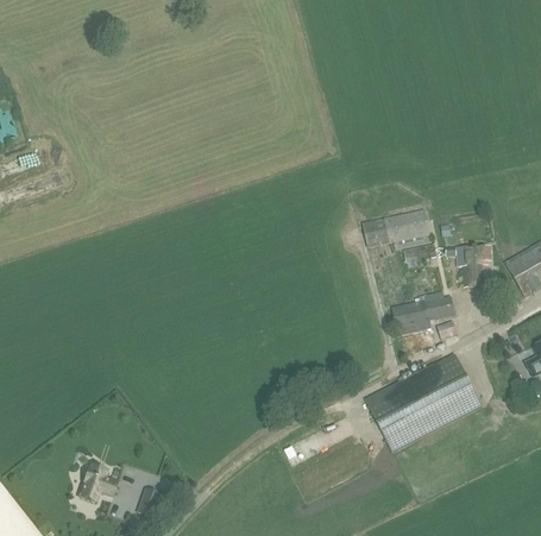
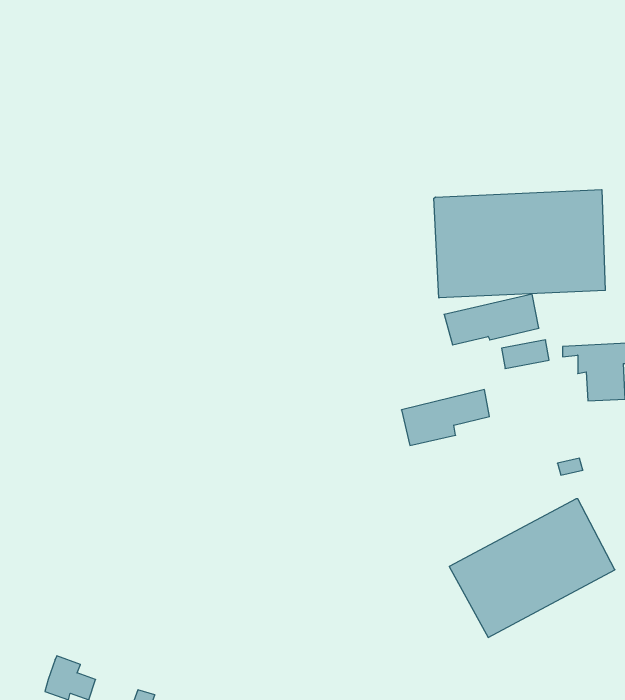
building: none -> [434,190,605,298]
building: [391,294,453,333] -> [401,390,489,445]

